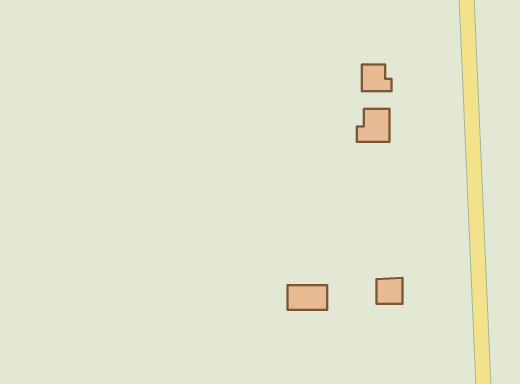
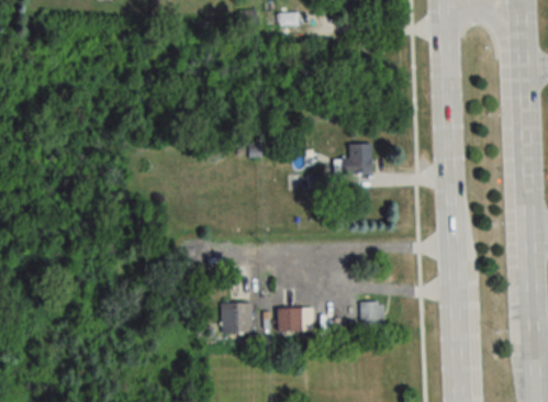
building: [362,65,392,91] -> none
building: none -> [222,302,253,332]

